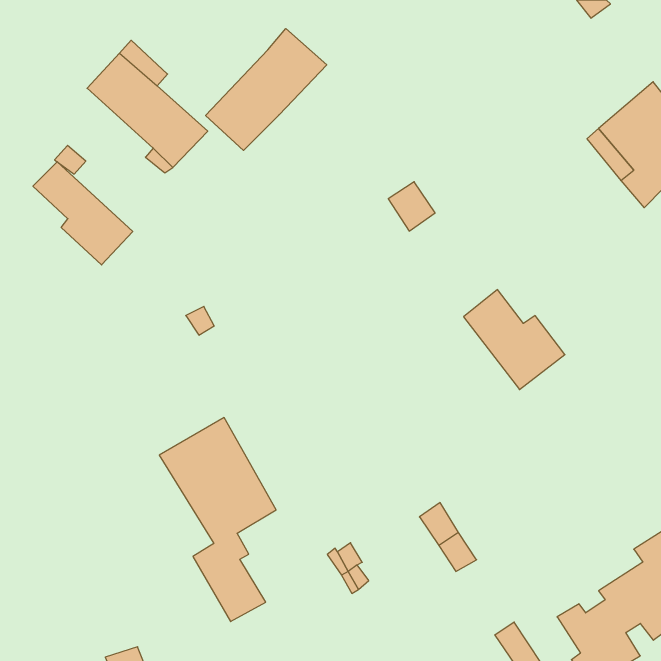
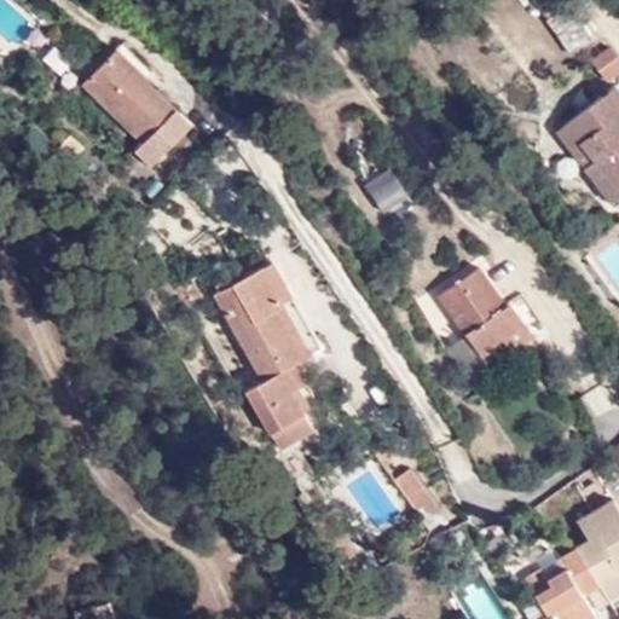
building: [206,29,327,150] -> none
building: [33,162,133,265] -> none
building: [159,418,276,622] -> [214,268,323,458]

